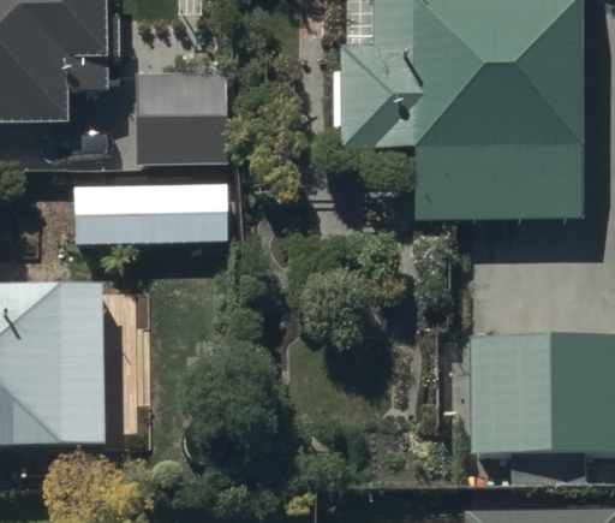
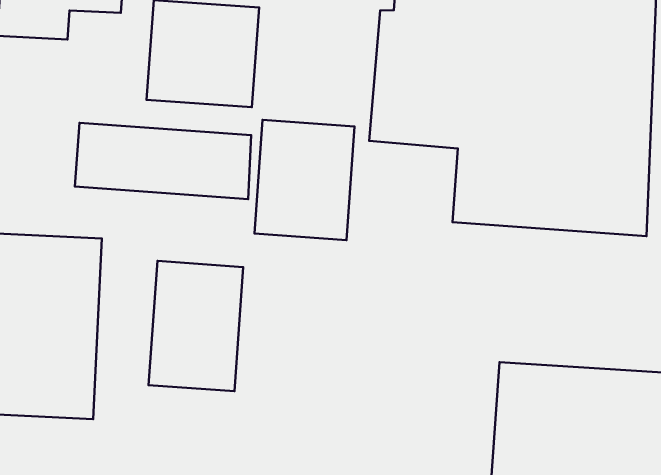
building: none -> [254,120,355,240]
building: none -> [148,261,243,391]

